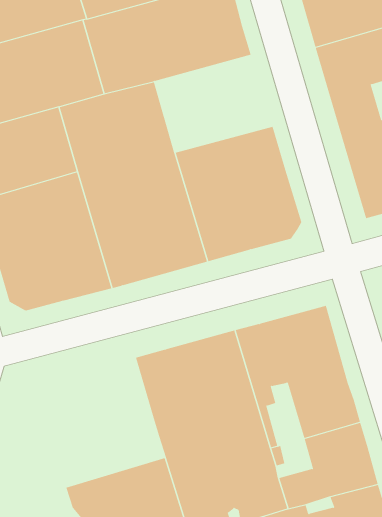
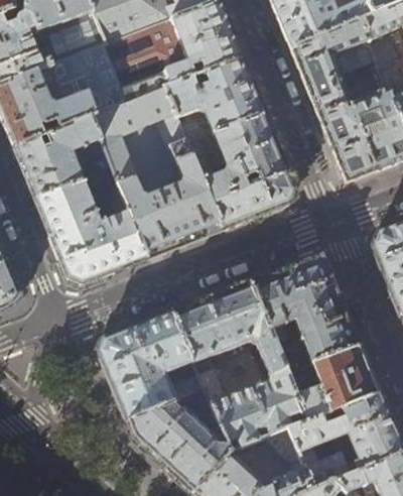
building: none -> [164,58,263,143]
building: none -> [96,311,204,420]

